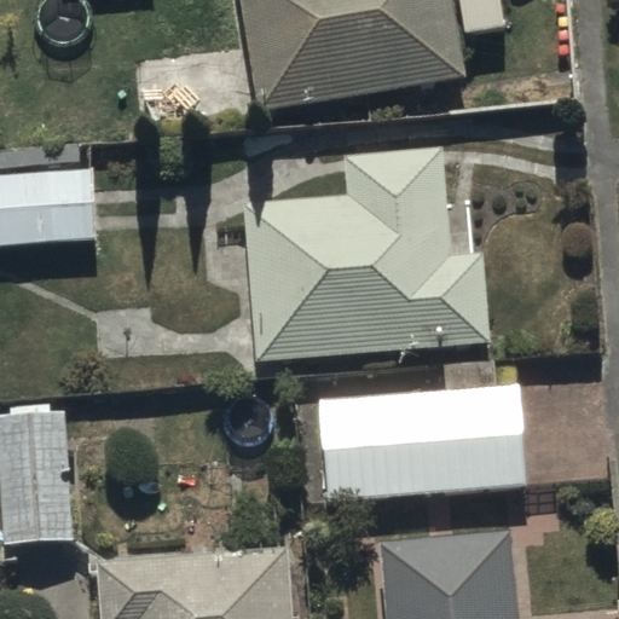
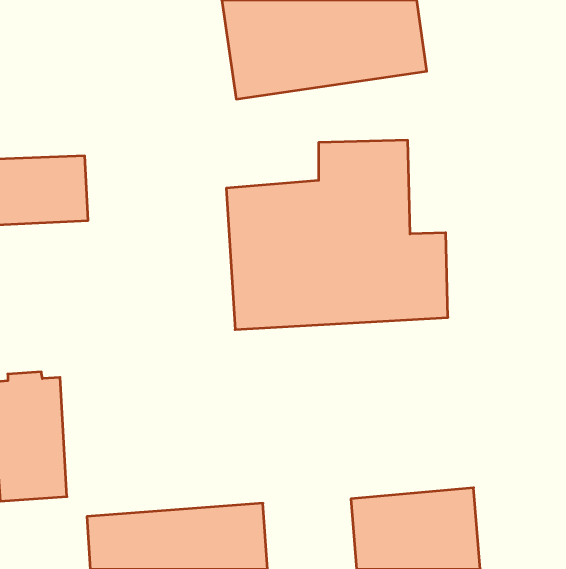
building: [317,387,526,498] -> none

